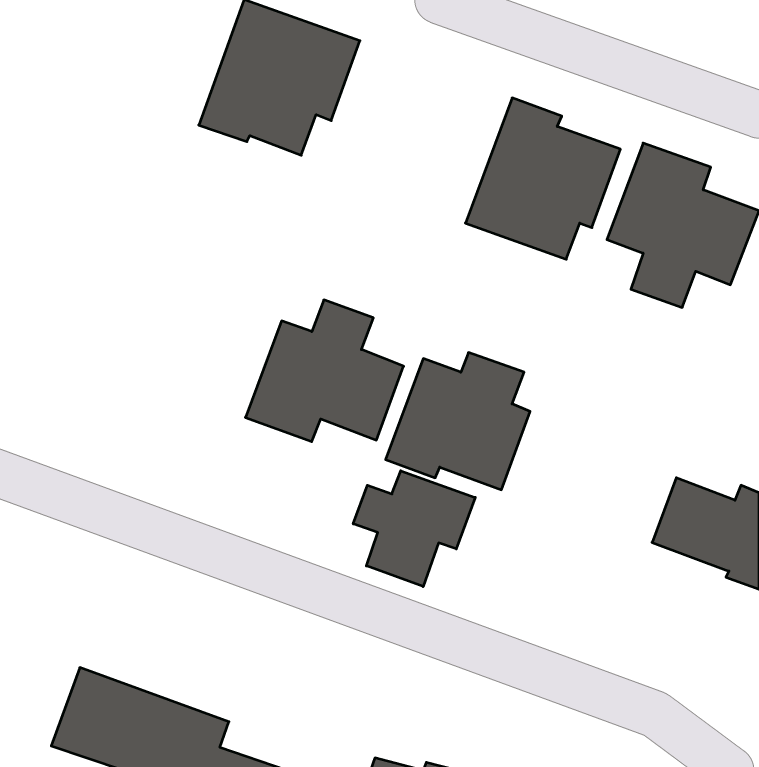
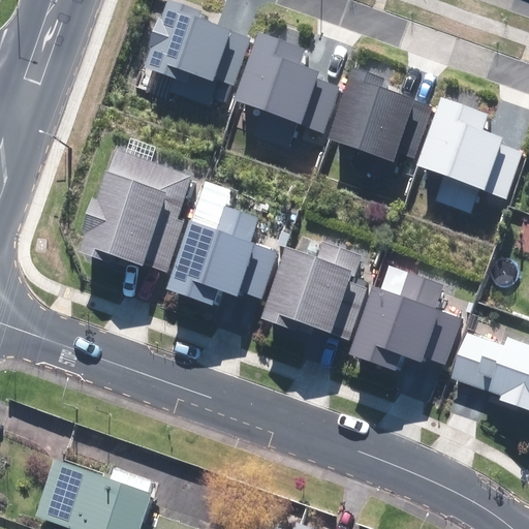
building: none -> [236,35,338,147]
building: none -> [80,150,197,272]
building: none -> [350,273,458,370]
building: [353,471,475,587] -> none

